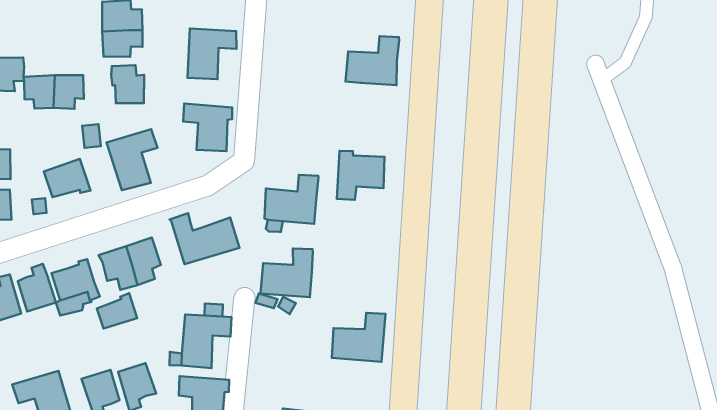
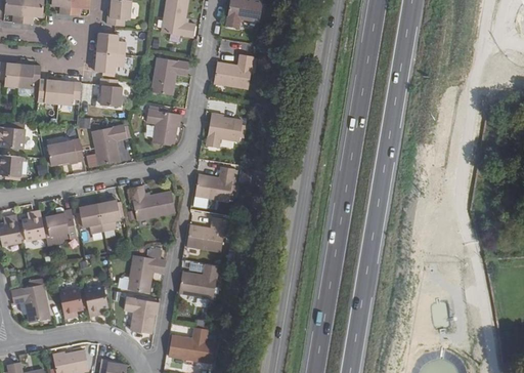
building: [345,36,399,85] -> [214,53,254,88]
building: [337,151,385,200] -> [207,112,243,147]
building: [97,293,137,329] -> none
building: [332,313,385,362] -> [179,263,219,298]

